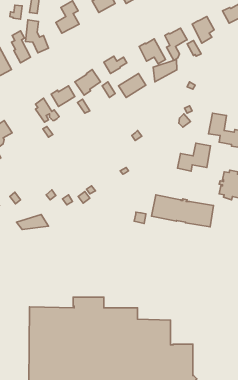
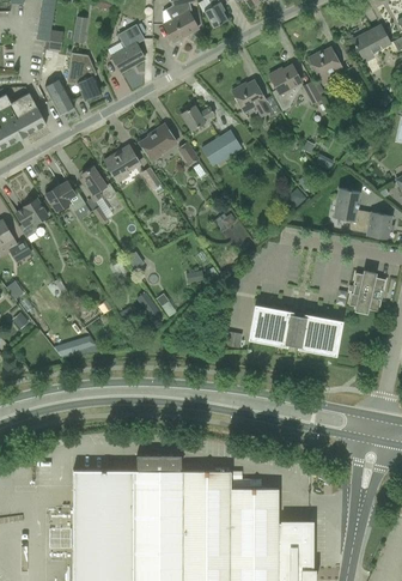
building: [153,60,177,82] -> none
building: none -> [45,182,85,212]
building: [177,143,211,171] -> none

